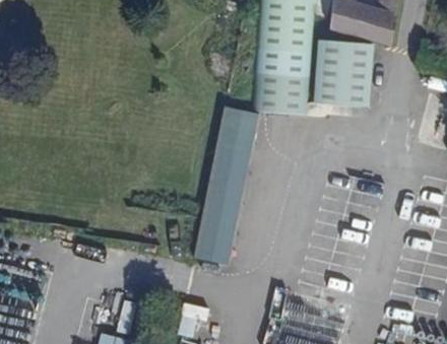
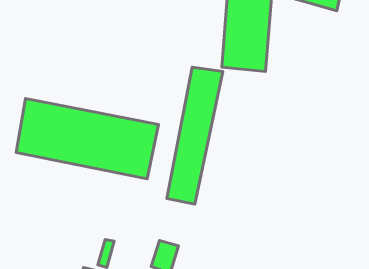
building: [313,42,375,105] -> none
building: none -> [16,99,159,179]

